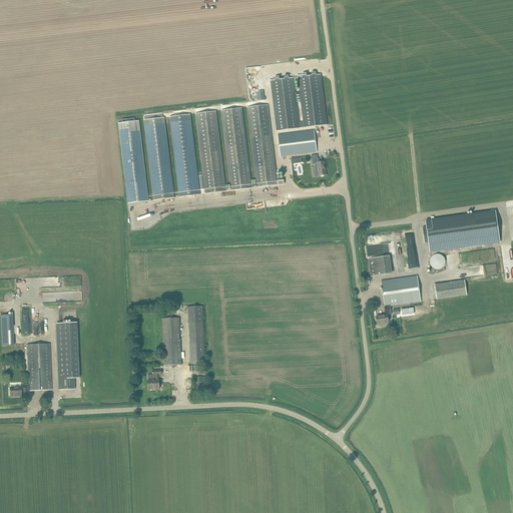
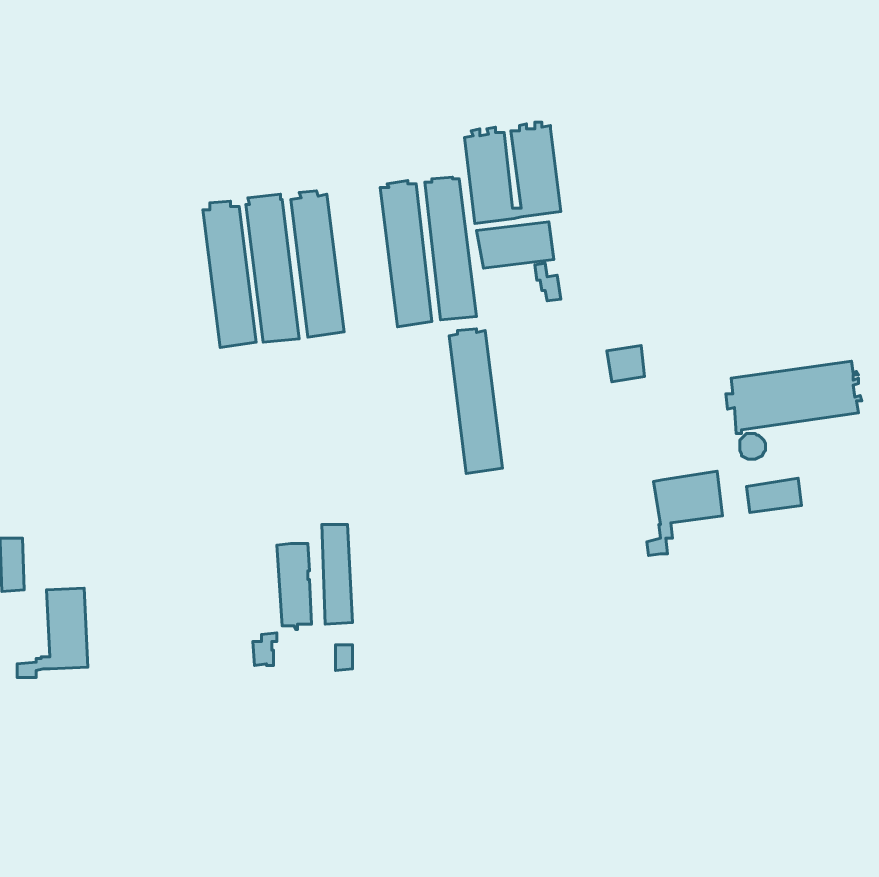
building: [195,109,226,193] -> [449,329,502,473]
building: [368,254,390,276] -> [607,346,645,382]
building: [56,322,79,389] -> none

